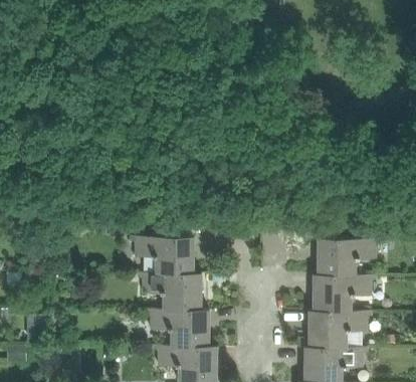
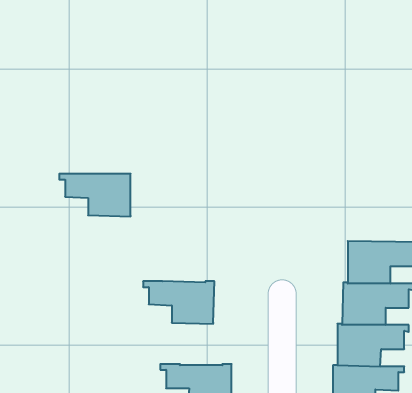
building: [131,237,193,274] -> [59,174,131,216]
building: [147,310,208,347] -> none

